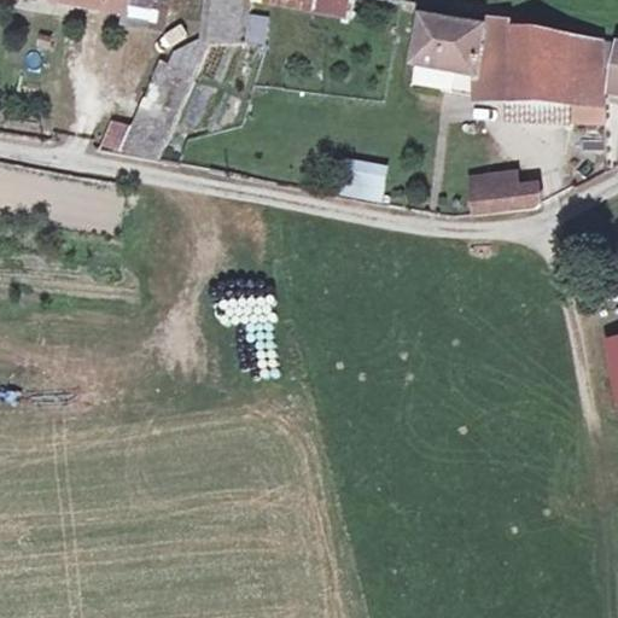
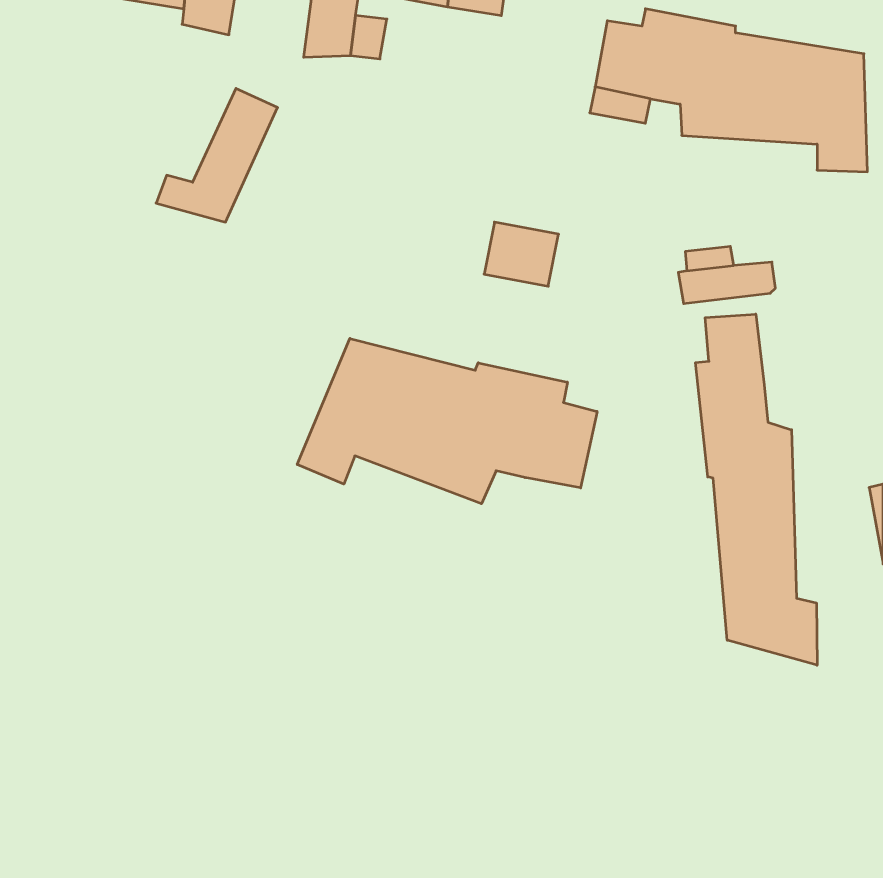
building: none -> [696,314,817,665]
building: none -> [297,338,597,504]

